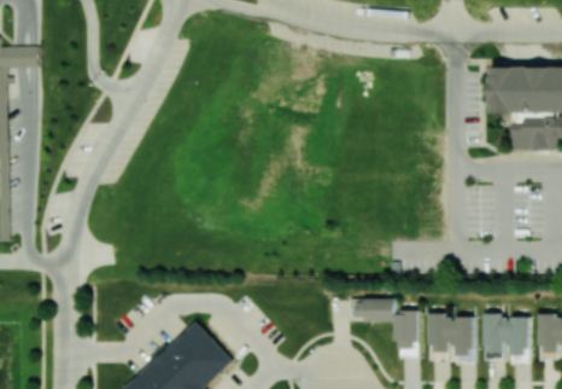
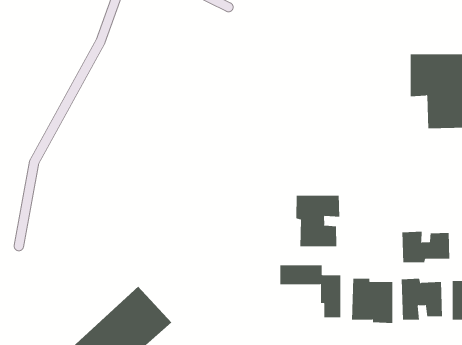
building: none -> [296,195,340,247]
building: none -> [402,231,450,263]

